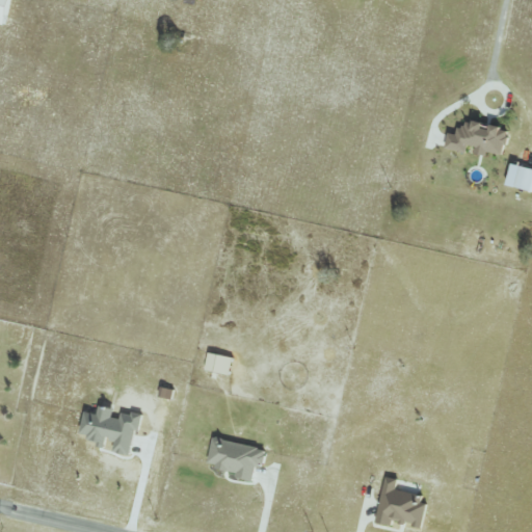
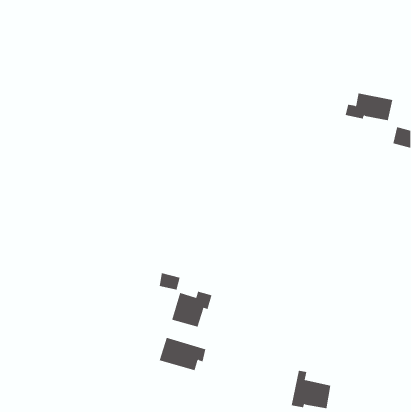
building: none -> [171,291,212,328]
building: [78,407,140,454] -> none

